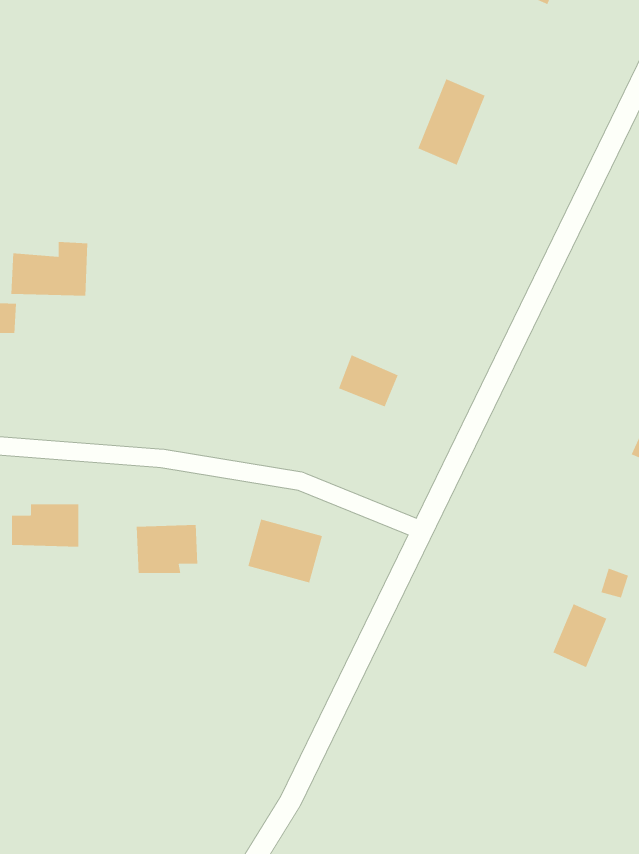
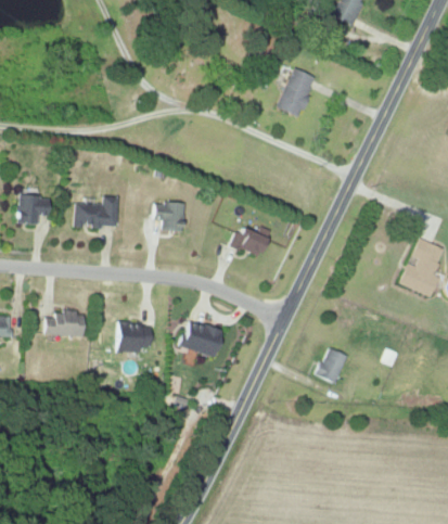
building: [11,241,88,296] -> [75,195,119,227]
building: none -> [152,202,185,230]
building: [552,603,607,668] -> [318,347,349,384]

